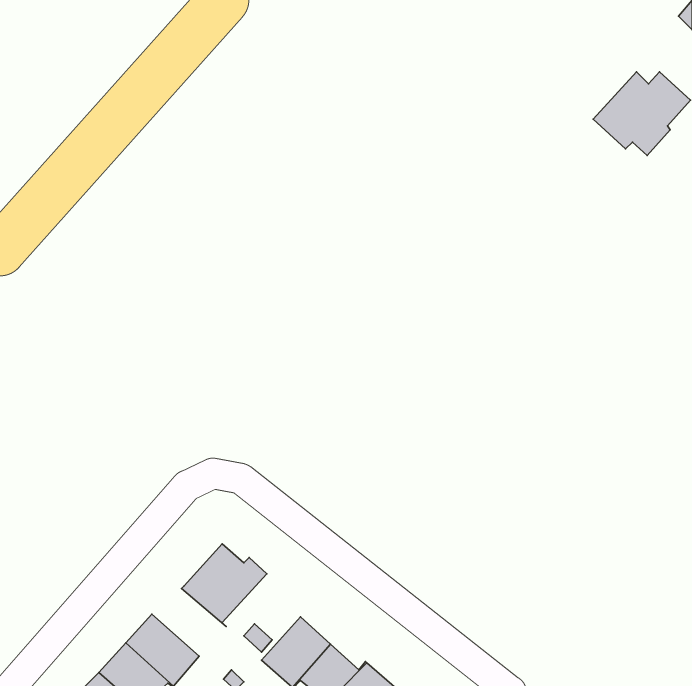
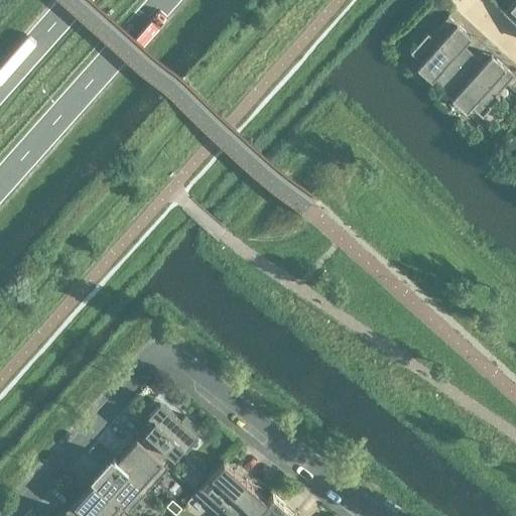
building: none -> [410,19,474,93]
building: none -> [113,442,168,493]

